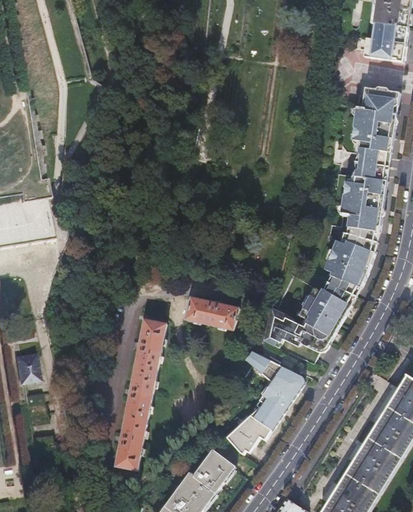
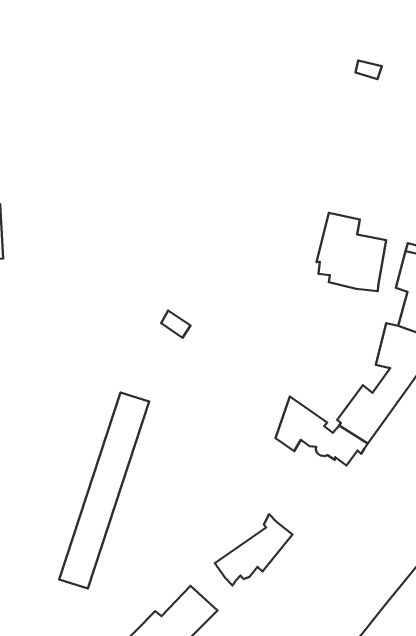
building: none -> [316,213,386,291]
building: [186,294,237,327] -> none
building: [245,347,303,407] -> none

